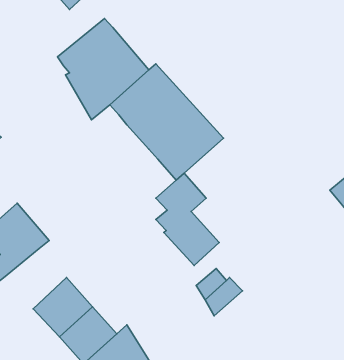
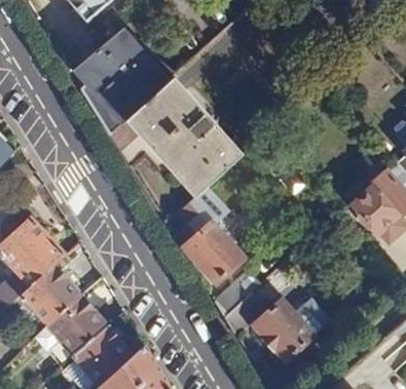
building: none -> [20,264,82,325]
building: none -> [251,294,334,363]

